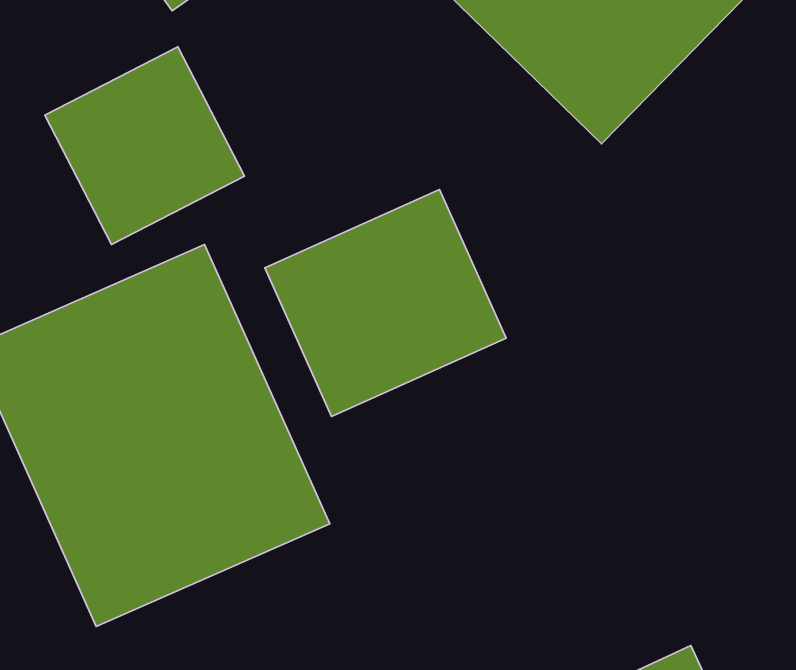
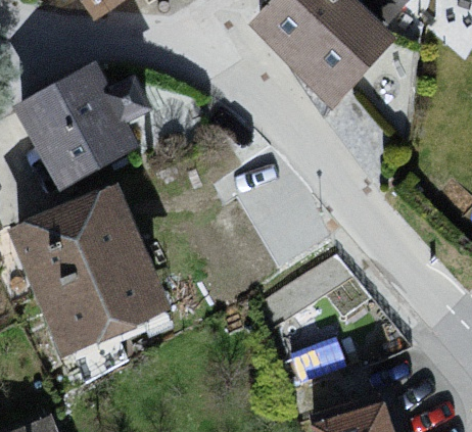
building: [265,190,506,417] -> none

